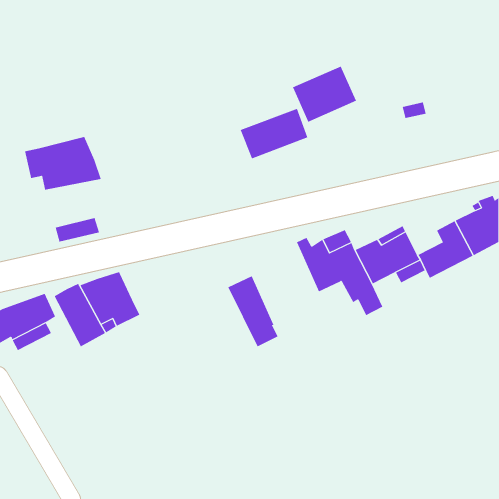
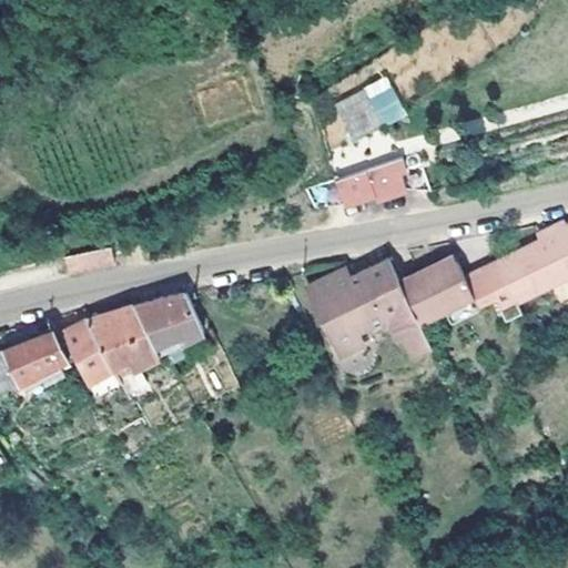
building: [240,108,308,159] -> [329,154,407,212]
building: [25,136,101,190] -> none
building: none -> [136,295,204,345]
building: [228,276,279,347] -> [307,274,365,355]

